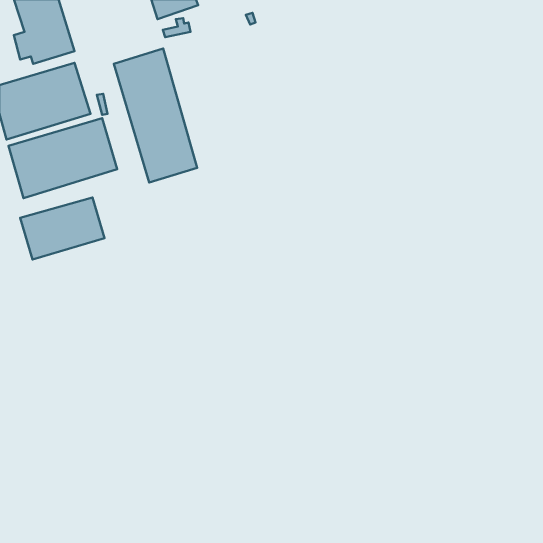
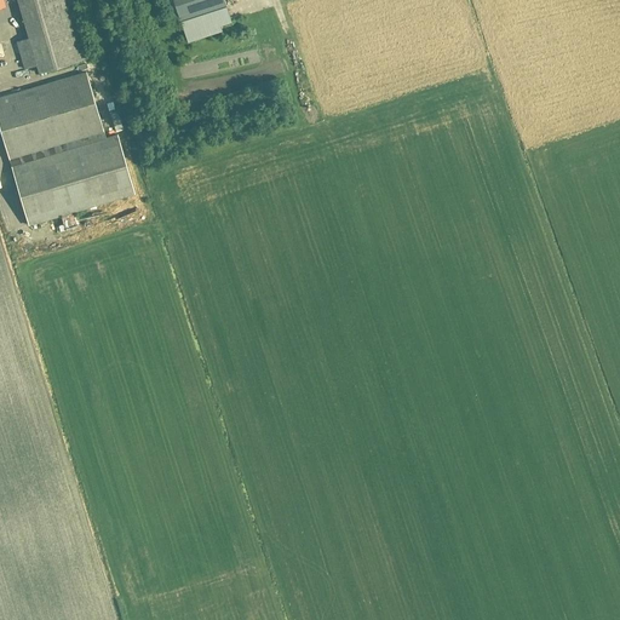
building: [114,49,197,182] -> none
building: [20,197,105,259] -> none

